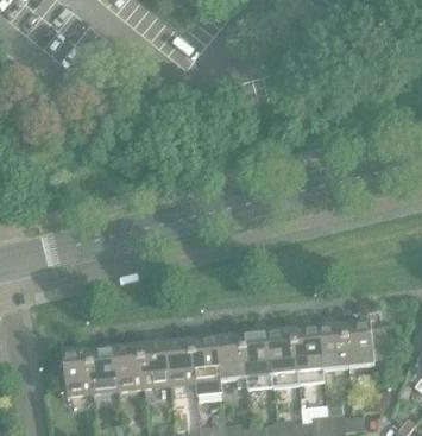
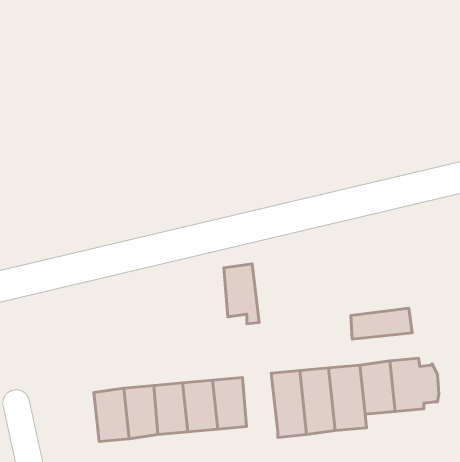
building: none -> [351,308,412,339]
building: [216,334,247,386] -> [224,264,259,324]
building: [62,350,92,396] -> none

